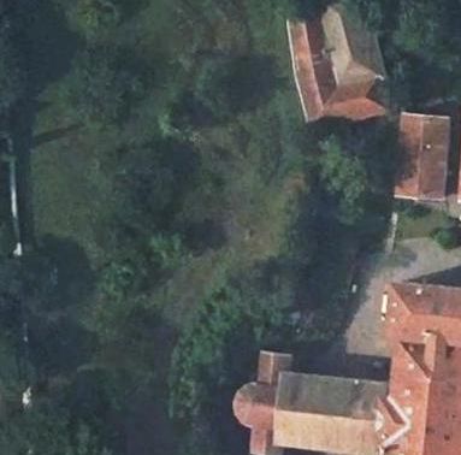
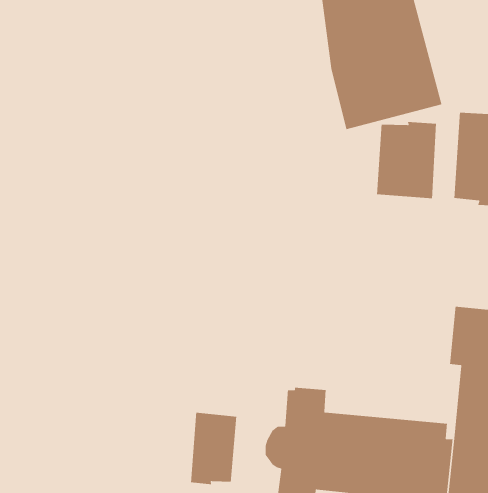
building: none -> [376,121,437,199]
building: none -> [190,412,237,485]

